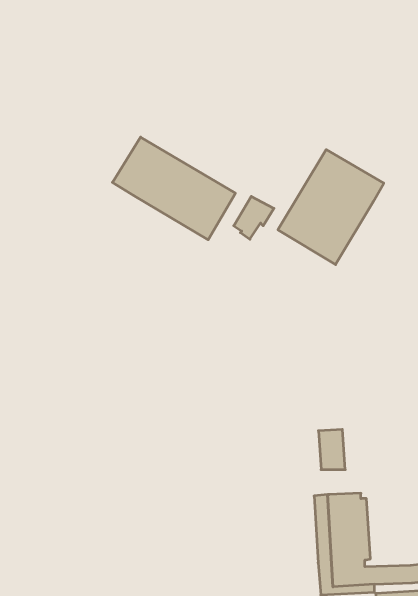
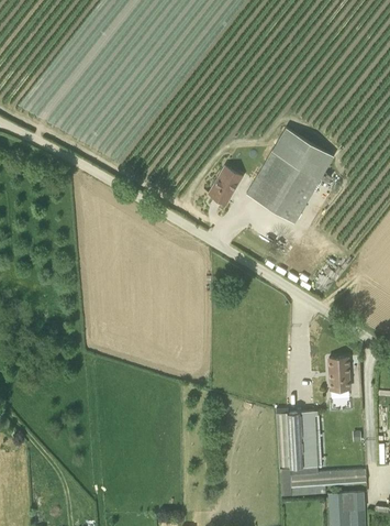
building: [112,137,235,240] -> none
building: [318,429,345,470] -> [328,358,350,391]

